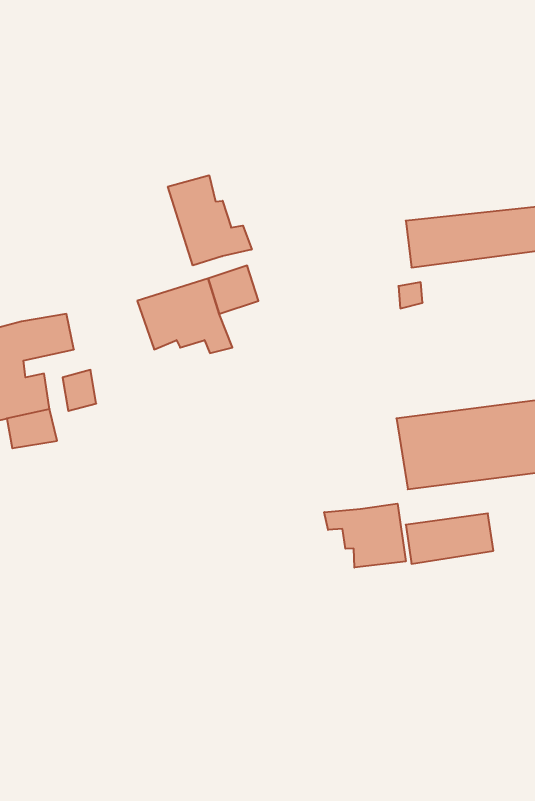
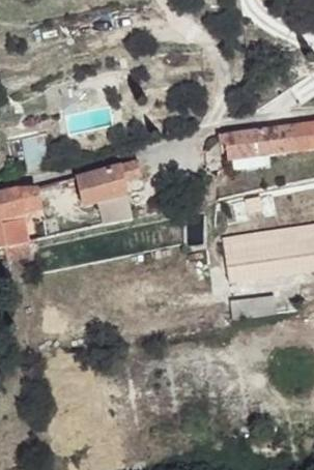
building: [168,175,252,265] -> none
building: [324,504,406,568] -> none

